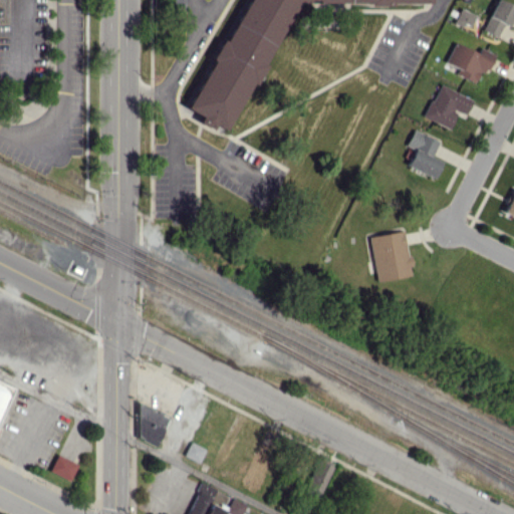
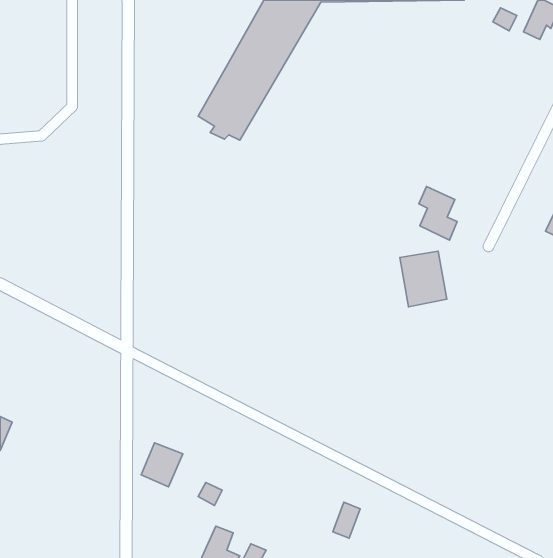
building: [449,44,498,84] -> none
building: [428,86,475,130] -> none
building: [410,131,445,180] -> [419,186,457,240]
building: [54,456,81,482] -> none

